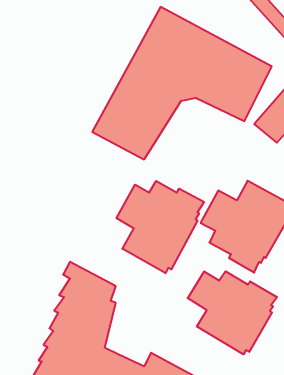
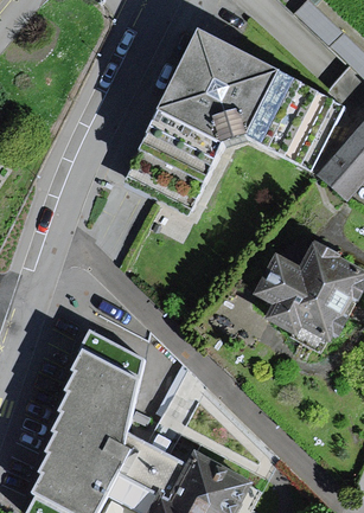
building: [116,181,204,273] -> none
building: [188,271,277,354] -> none

